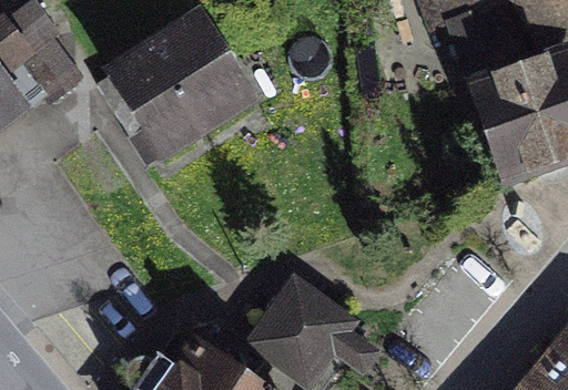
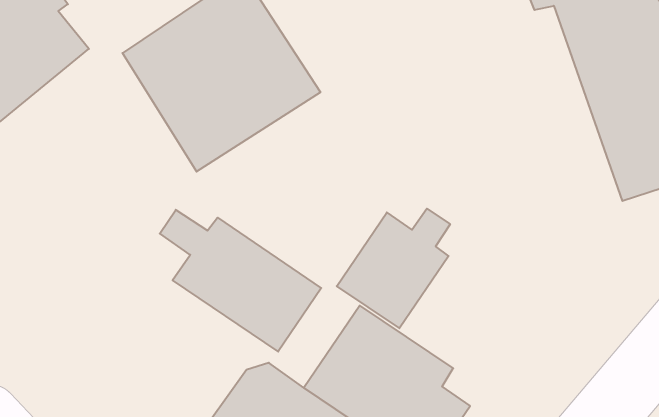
building: none -> [337,209,450,328]
building: none -> [160,210,321,352]

